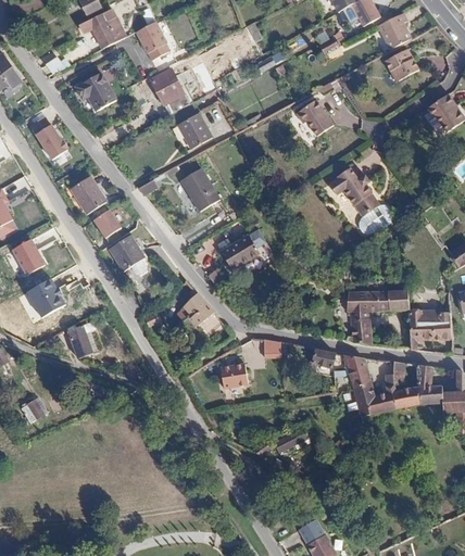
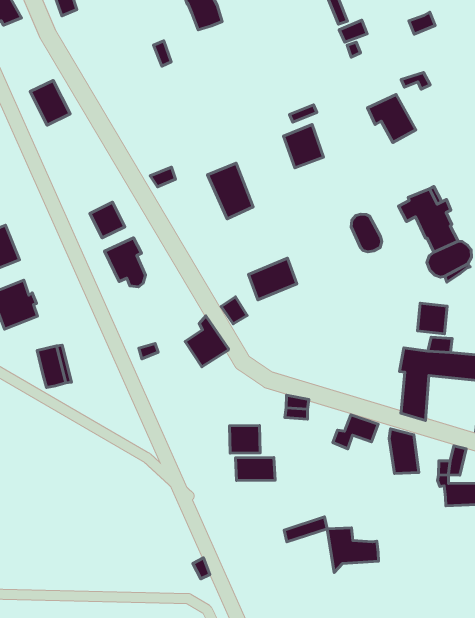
building: [151,70,187,113] -> none
building: [74,74,114,111] -> none
building: [175,116,208,151] -> [283,124,323,168]
building: [70,177,104,213] -> none
building: none -> [351,214,382,252]
building: none -> [417,303,447,334]
building: [352,386,394,421] -> [327,528,378,572]
building: none -> [235,457,275,480]

